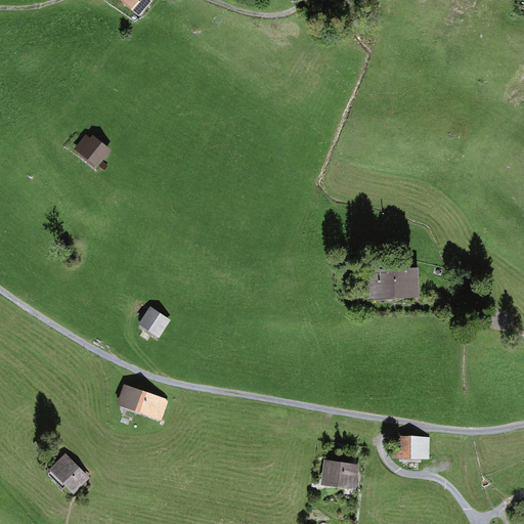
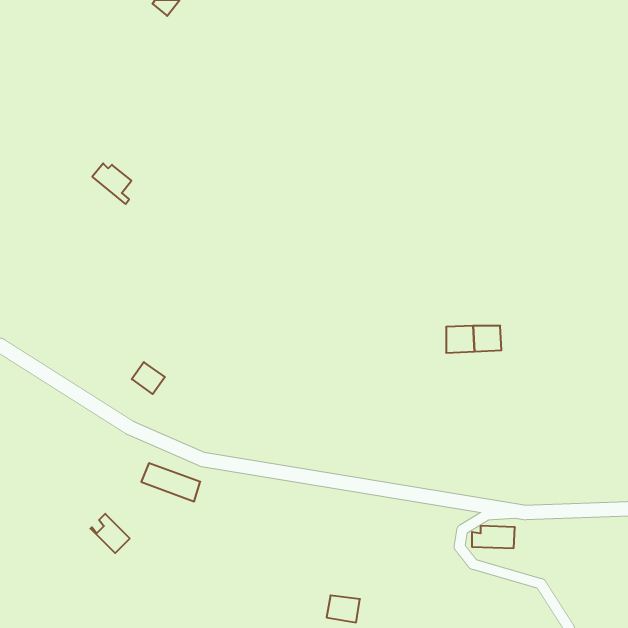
building: [141,308,169,335] -> [132,362,165,394]
building: [53,456,86,489] -> [90,514,130,553]
building: [323,463,351,485] -> [327,595,360,622]

